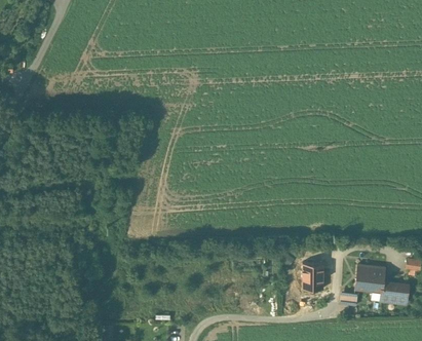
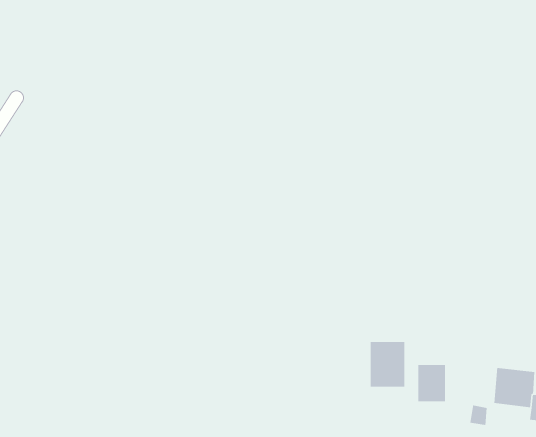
building: none -> [370,341,405,388]

